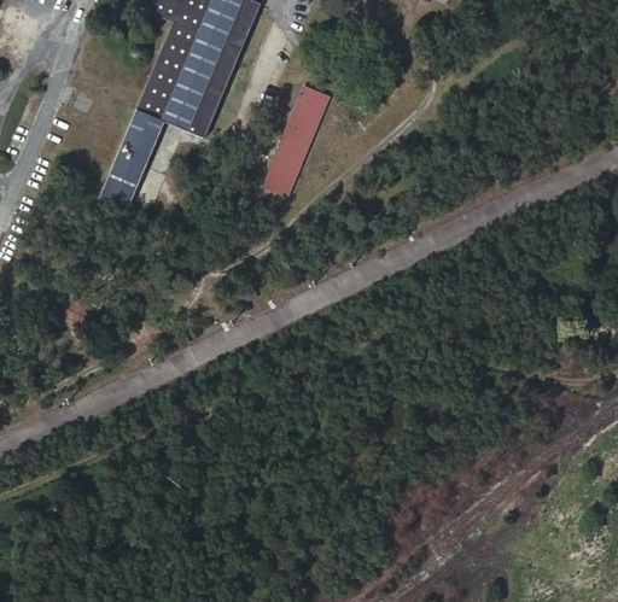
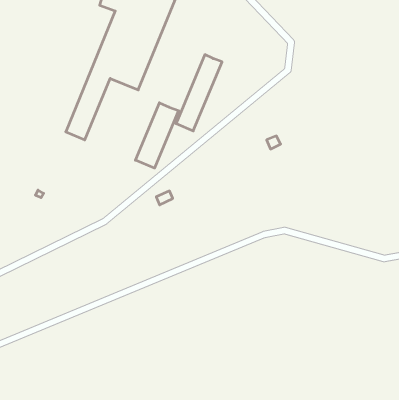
building: none -> [135,103,179,168]

